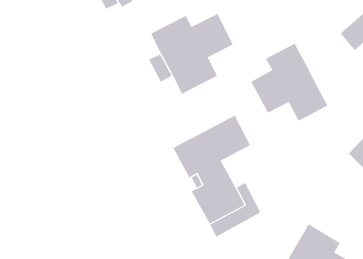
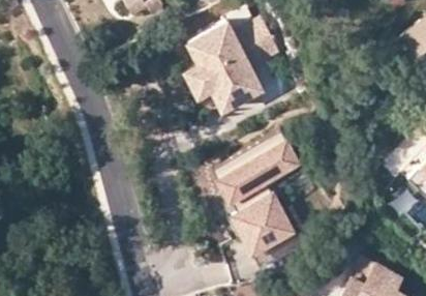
building: [250,43,328,122] -> none

